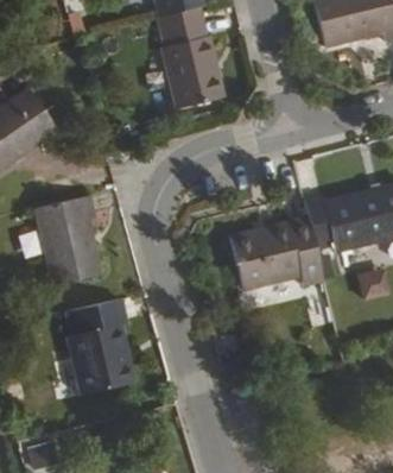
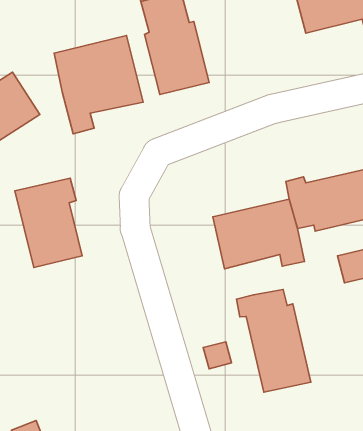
building: none -> [54,35,143,134]
building: [59,301,132,397] -> none
building: none -> [236,289,311,392]

